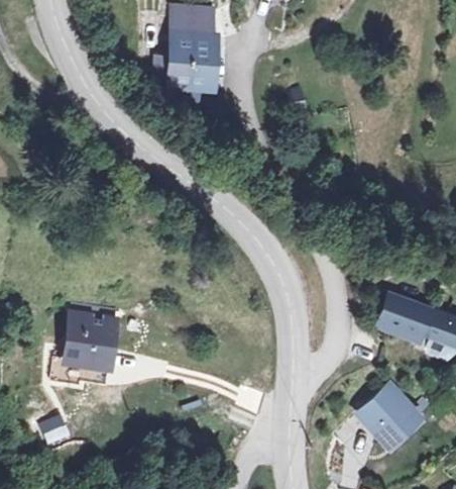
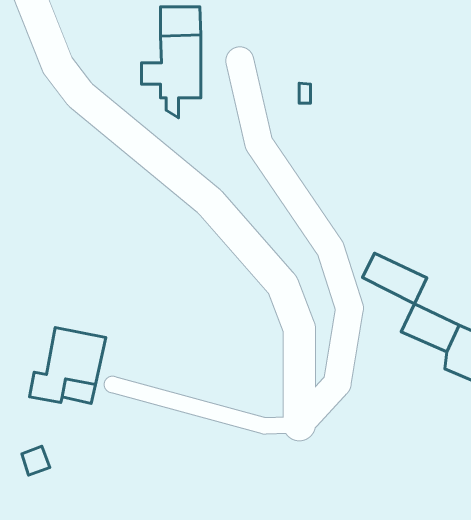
building: none -> [362,253,427,304]
building: [368,389,423,446] -> none

